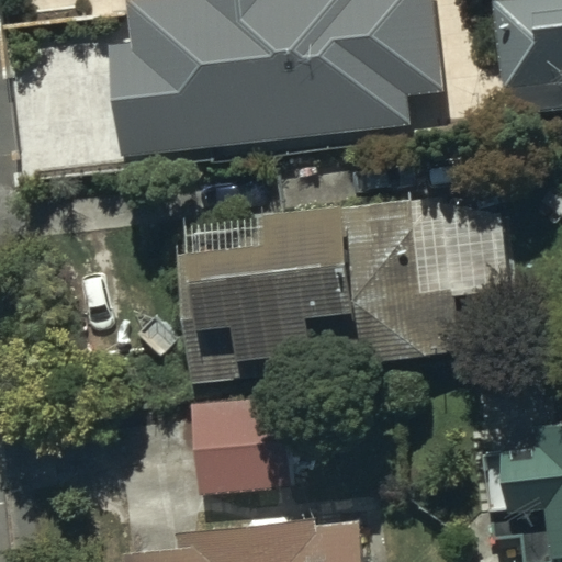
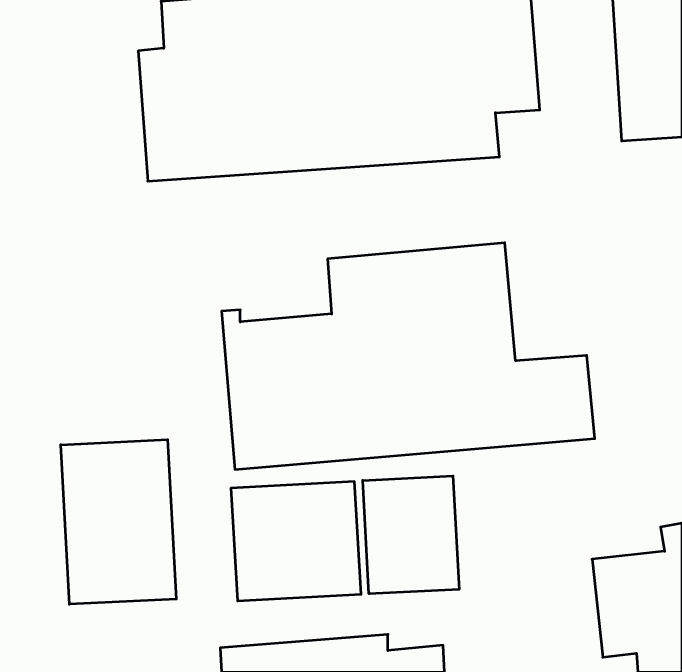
building: none -> [61,440,176,604]
building: none -> [363,476,459,594]

